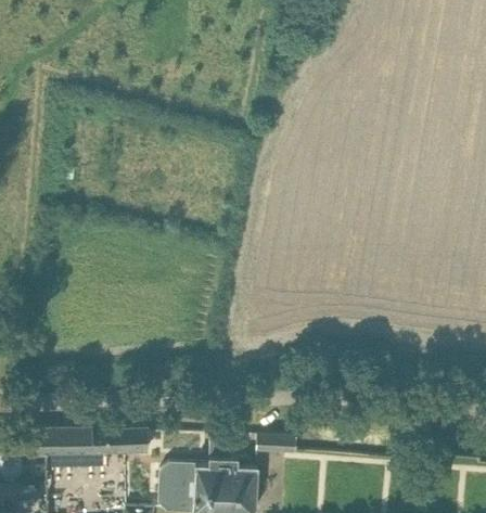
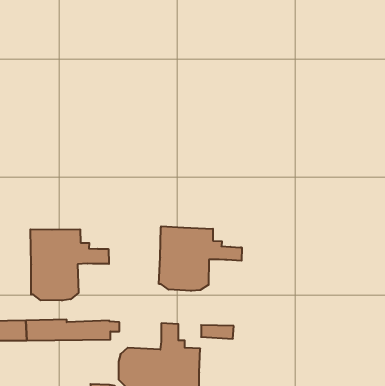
building: none -> [159,226,242,291]
building: none -> [30,229,109,301]

